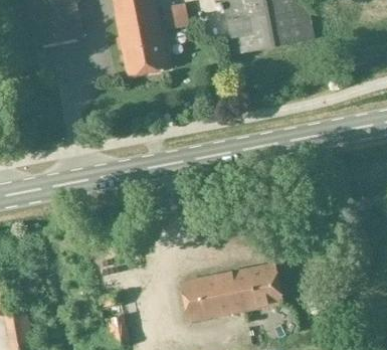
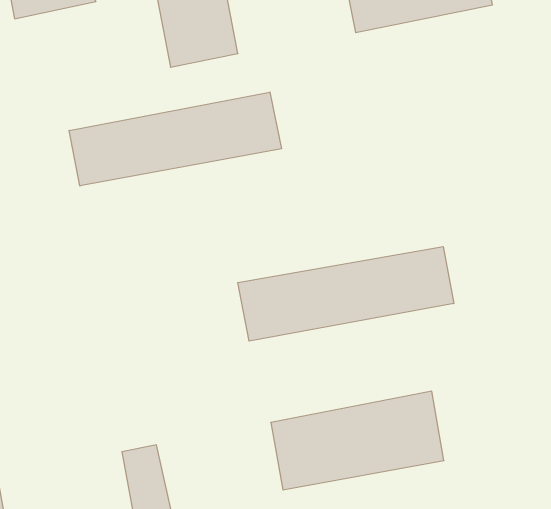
building: none -> [69,92,281,186]
building: none -> [238,247,454,341]

